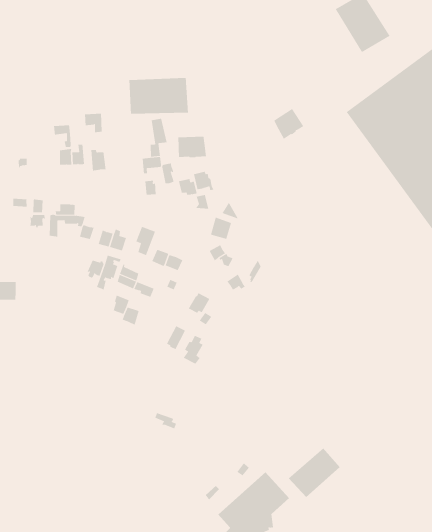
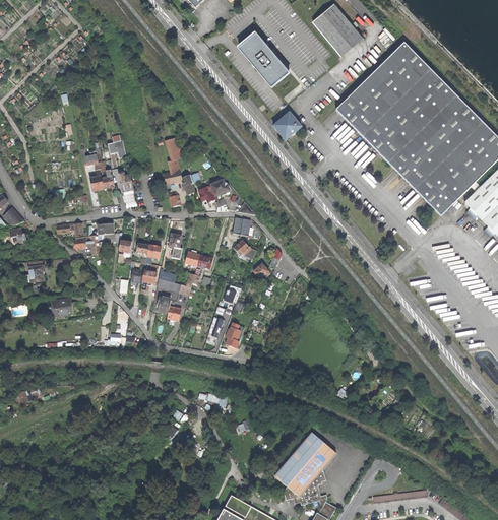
building: none -> [238,28,290,84]
building: [129,77,188,114] -> none
building: [178,136,206,158] -> none
building: [288,448,341,498] -> none

